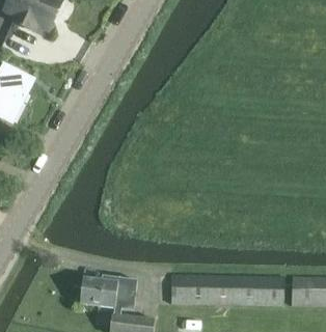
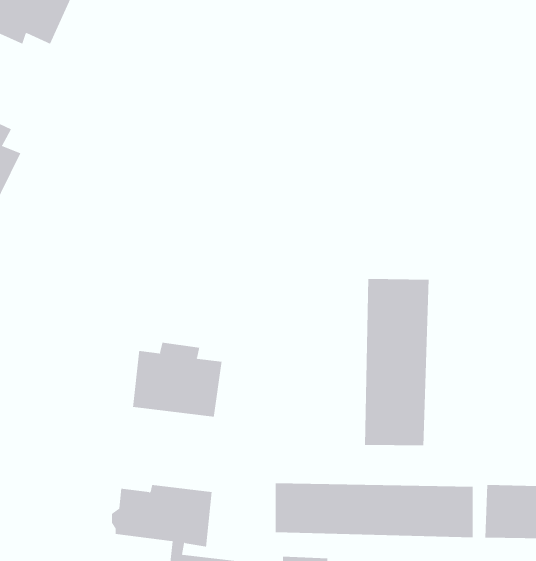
building: none -> [365,278,429,446]
building: none -> [133,342,222,418]

